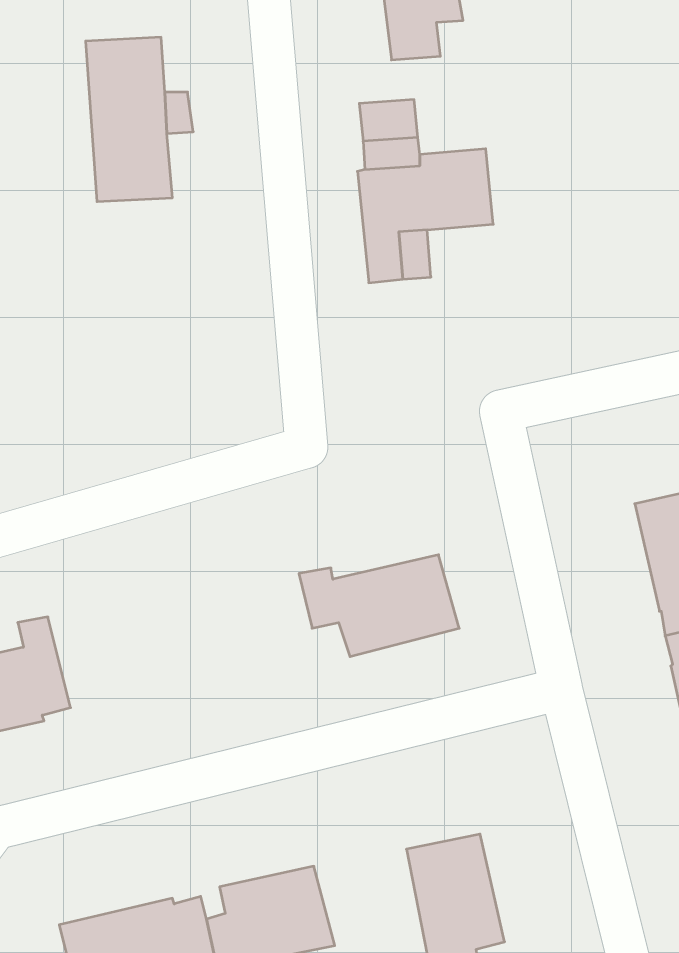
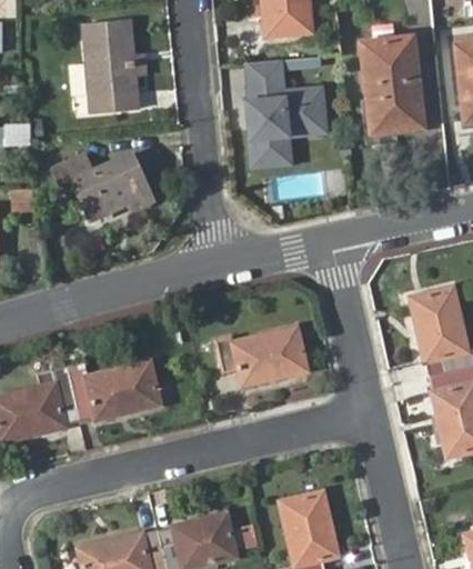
building: none -> [363,34,421,129]
building: none -> [57,158,153,221]
building: none -> [66,360,161,418]

